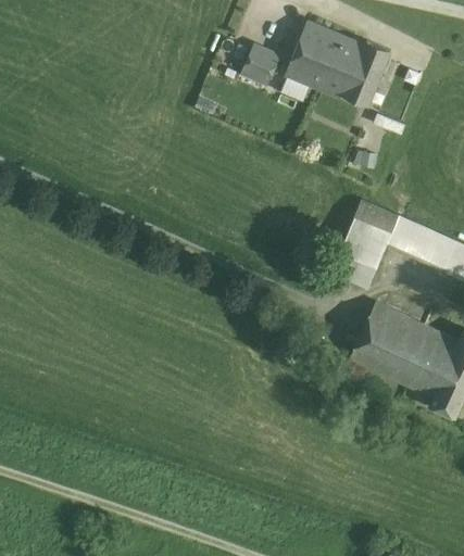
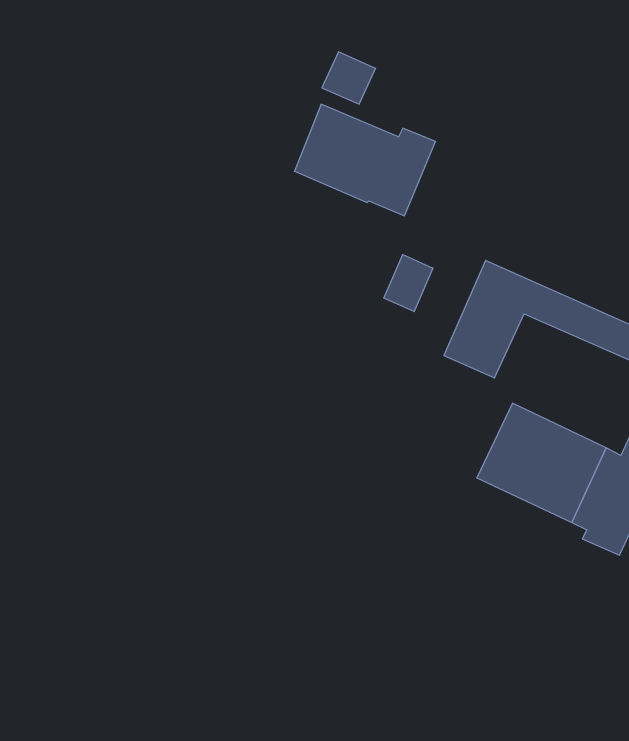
building: [286,24,389,105] -> [294,104,436,216]
building: none -> [384,255,433,312]

